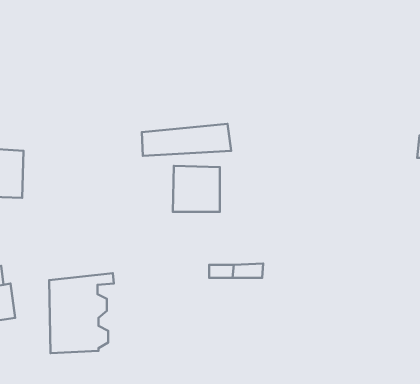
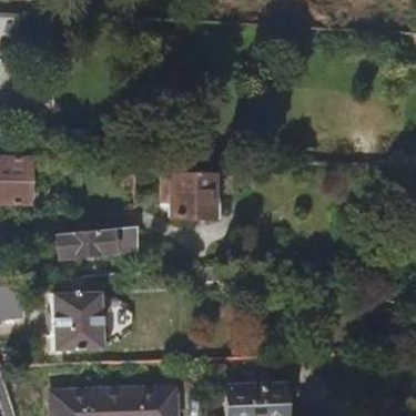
building: [142,124,231,156] -> [58,225,142,255]

